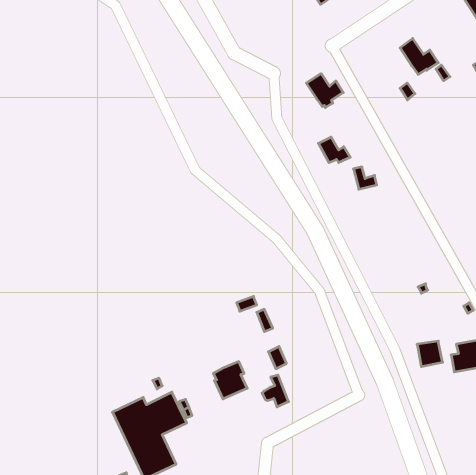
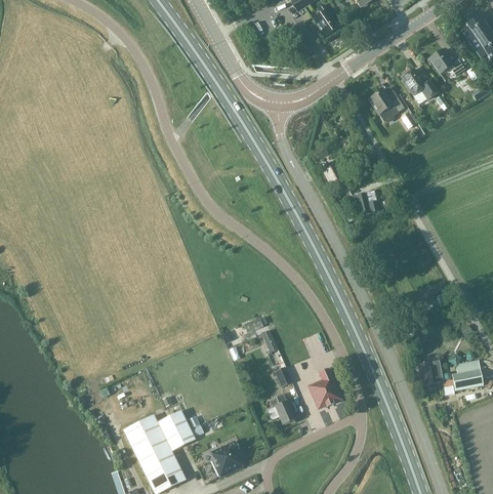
building: none -> [429,51,464,76]
building: [306,74,343,108] -> [368,89,404,122]
building: none -> [307,369,340,409]
building: [213,362,247,399] -> [210,441,243,477]

